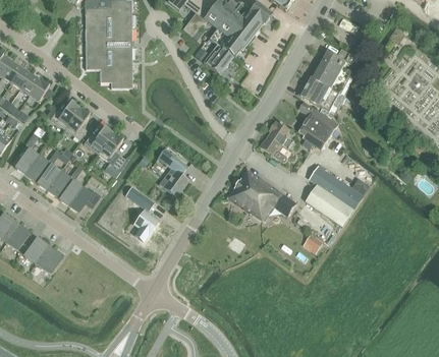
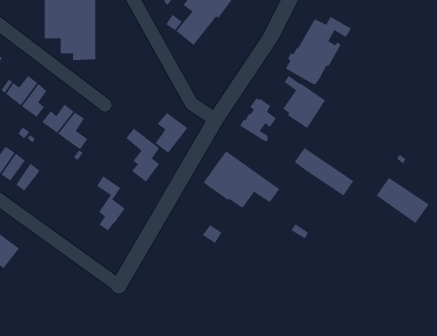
building: none -> [155,112,188,153]
building: [306,184,353,226] -> [376,177,429,224]
building: [67,186,100,212] -> none

